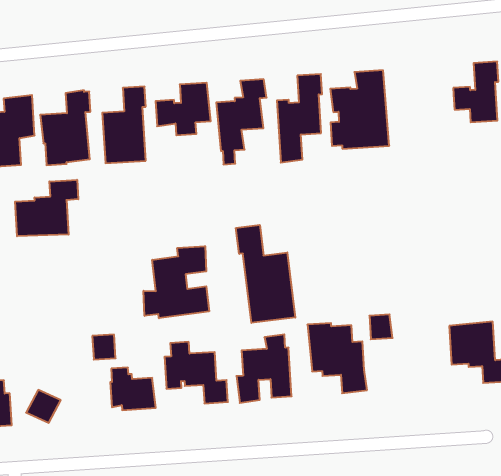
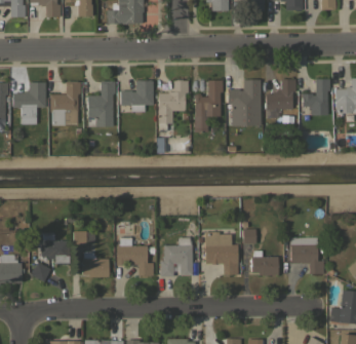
building: none -> [267,79,295,110]
building: [15,180,78,236] -> none
building: [236,225,295,323] -> none
building: [144,246,209,318] -> none
building: none -> [42,233,70,264]
building: none -> [252,251,279,275]

